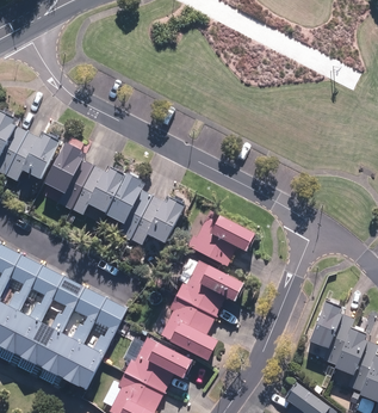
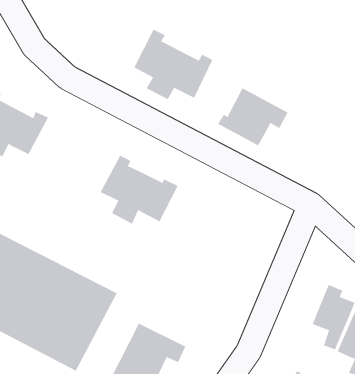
building: [49,146,125,214] -> [133,29,213,100]
building: [186,211,254,267] -> [217,88,288,146]
building: [160,263,241,359] -> none

